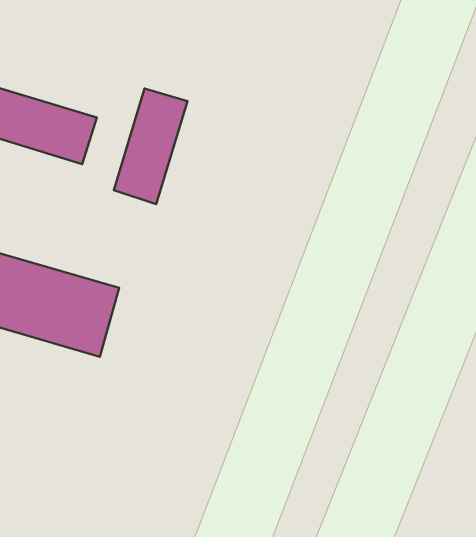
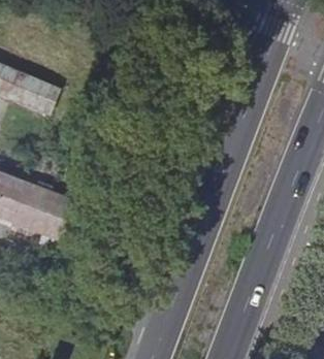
building: [114,88,187,204] -> none

